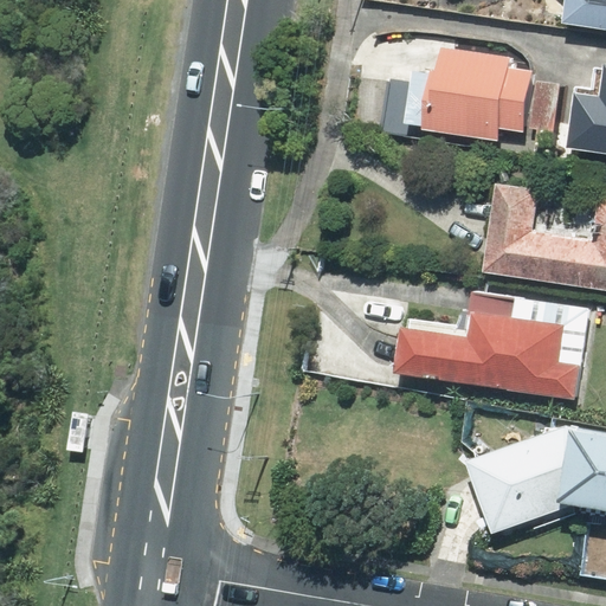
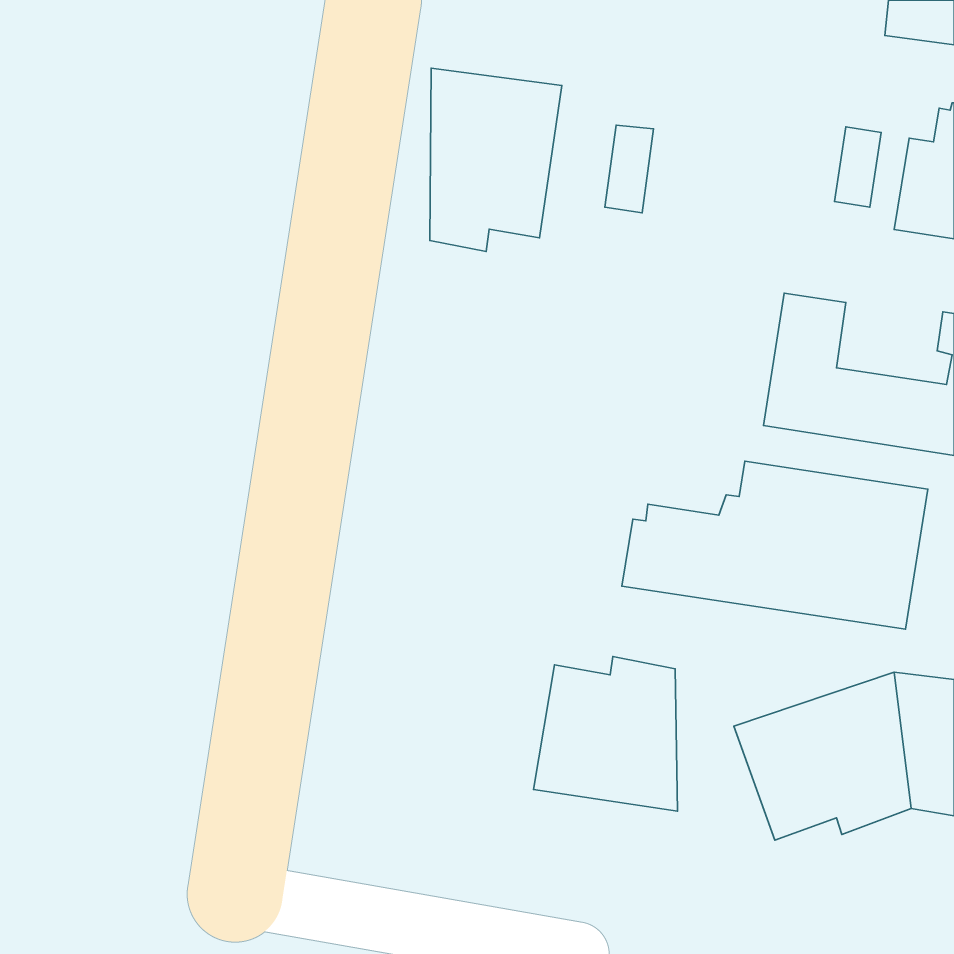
building: none -> [430,68,562,251]
building: [412,46,534,141] -> none
building: none -> [533,657,678,811]

